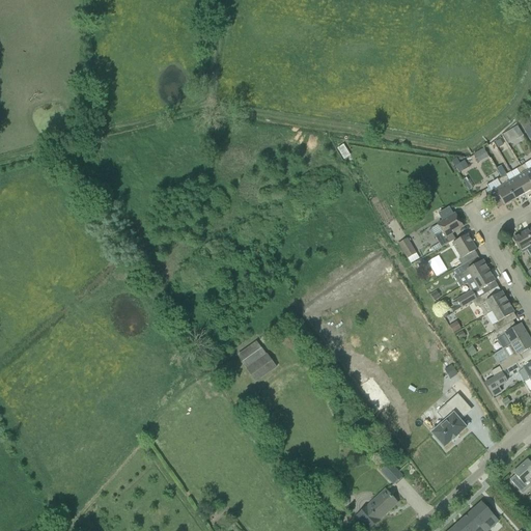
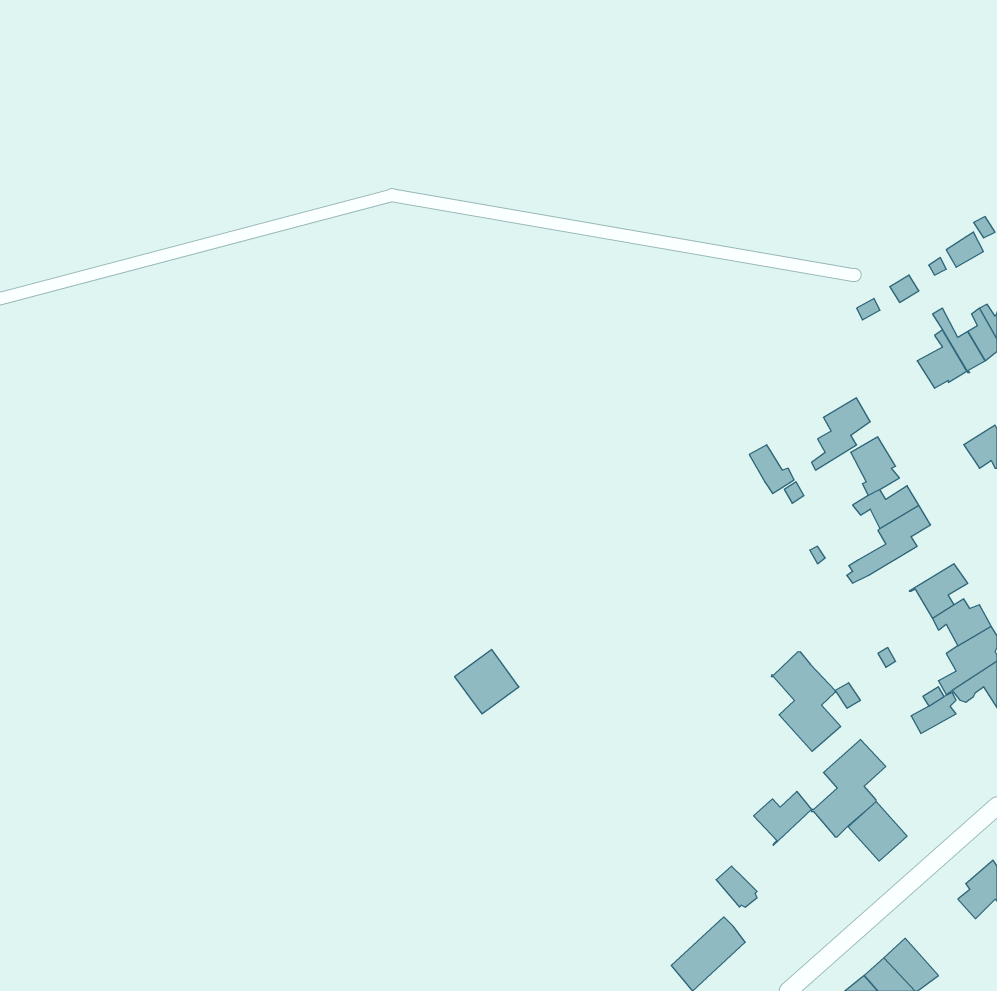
building: [462,289,507,314] -> none
building: none -> [772,652,841,751]
building: none -> [754,791,812,845]
building: none -> [848,802,907,861]

